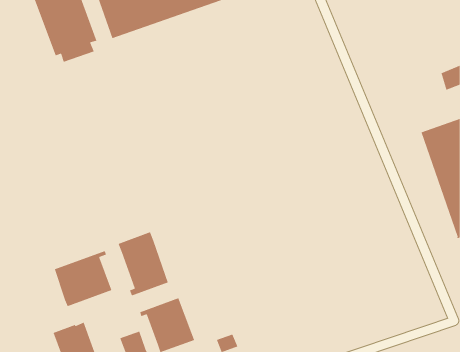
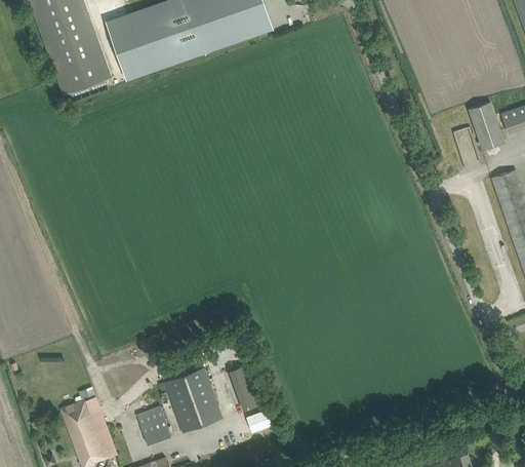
building: none -> [469,102,504,150]
building: [117,231,169,297] -> none
building: [54,250,113,307] -> none
building: none -> [230,364,261,411]

